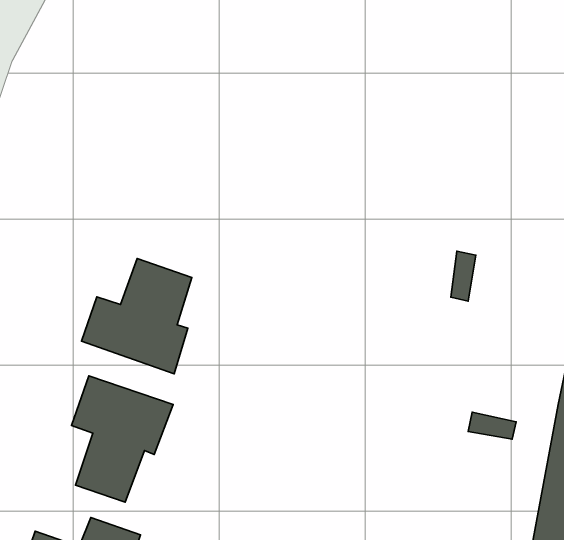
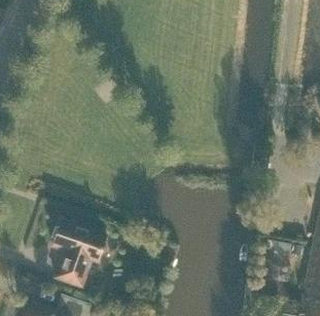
building: [82,259,192,374] -> none

